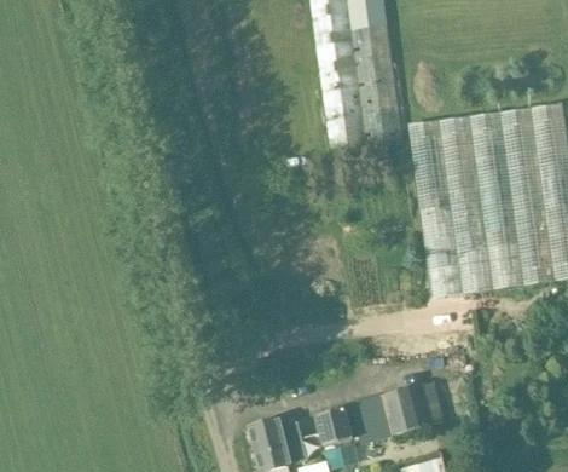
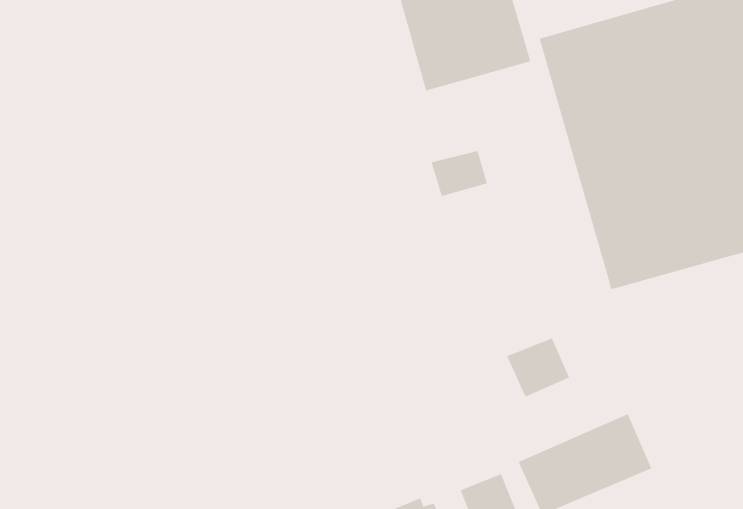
building: none -> [431,150,487,197]
building: none -> [506,338,570,397]

